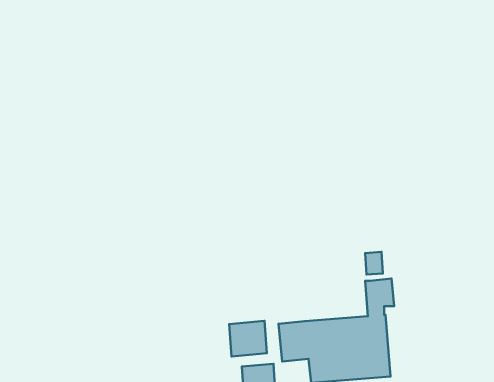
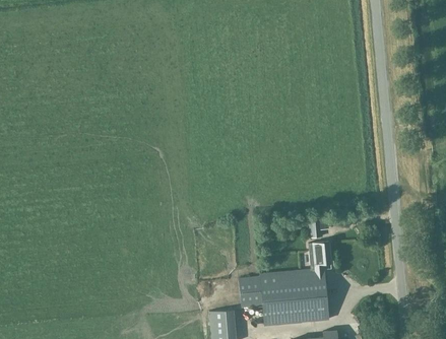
building: [229,321,267,356] -> none

